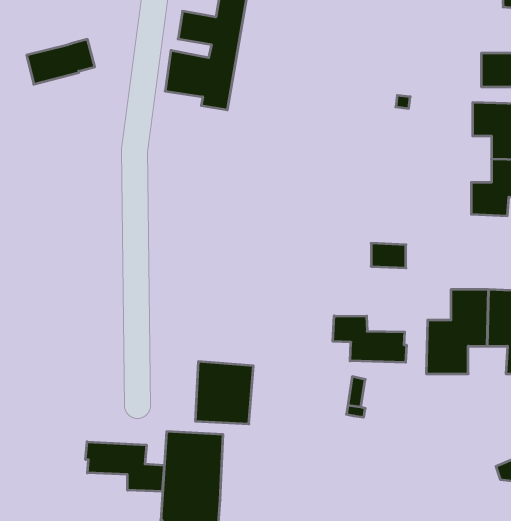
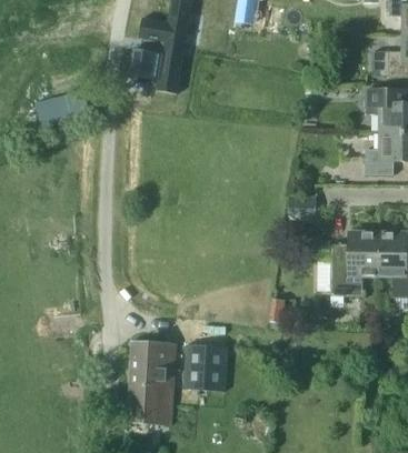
building: [27,39,95,84] -> [39,91,91,125]
building: [333,316,406,362] -> none
building: [195,362,253,424] -> [183,342,228,390]
building: [86,442,164,491] -> none

